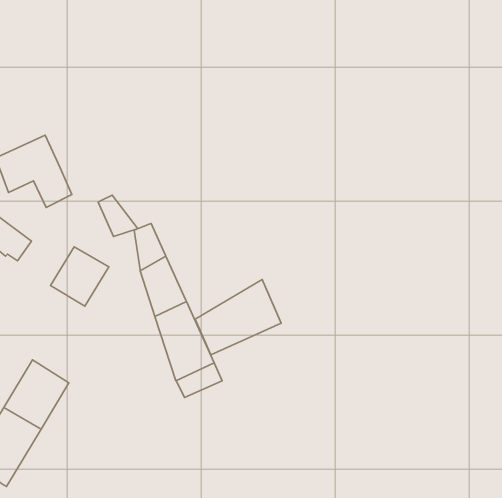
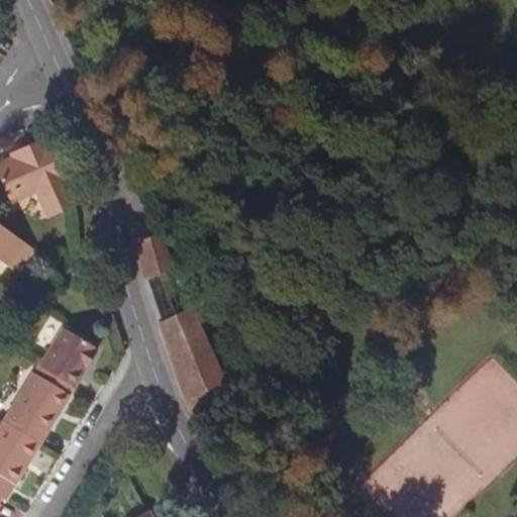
building: [98,195,138,236] -> none
building: [50,247,109,306] -> [40,323,100,384]
building: [195,280,281,355] -> none

